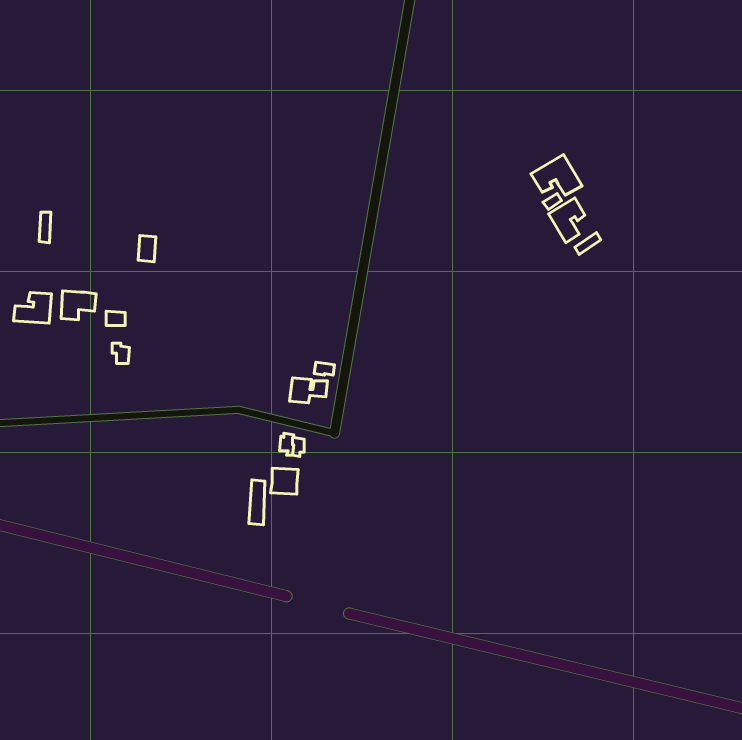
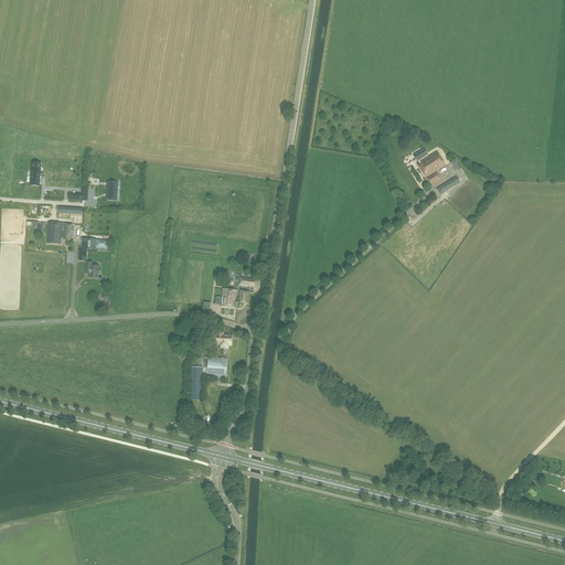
building: [531,155,582,195] -> none
building: [14,293,51,323] -> none

